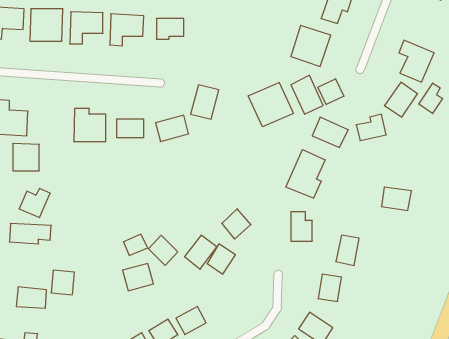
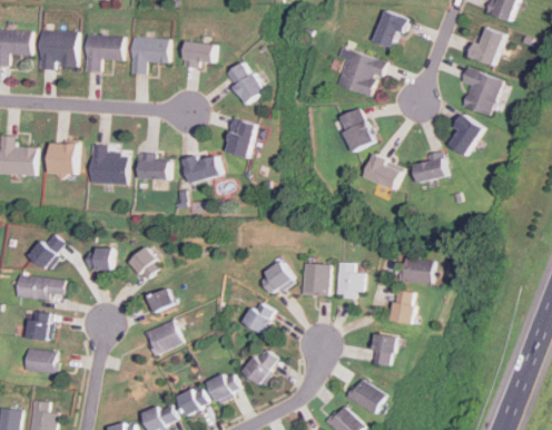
building: none -> [469,26,504,66]
building: none -> [224,60,264,104]
building: [318,79,344,105] -> none
building: [248,82,294,127] -> none
building: [419,83,443,114] -> none
building: [13,143,39,171] -> [47,143,77,174]
building: [286,150,325,198] -> none
building: [381,187,412,210] -> [400,257,434,284]
building: none -> [88,246,111,270]
building: none -> [303,264,328,295]
building: [185,235,217,269] -> [241,346,278,385]
building: [149,235,178,265] -> [127,246,160,281]
building: [51,270,74,295] -> [26,312,52,340]

